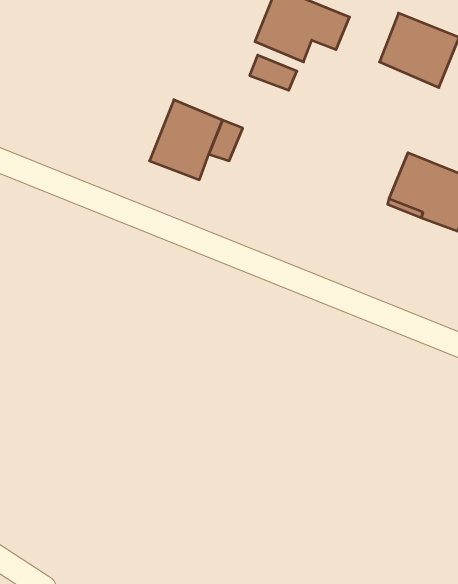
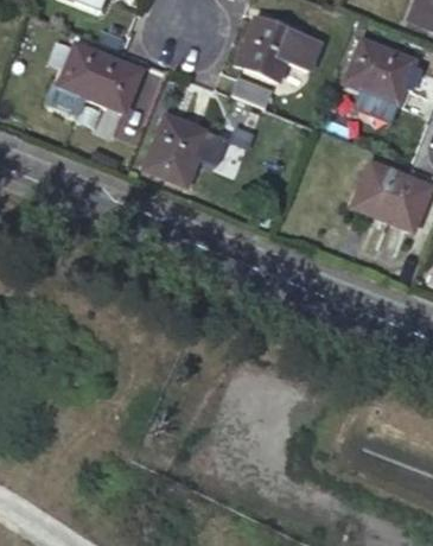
building: none -> [58,44,141,113]

